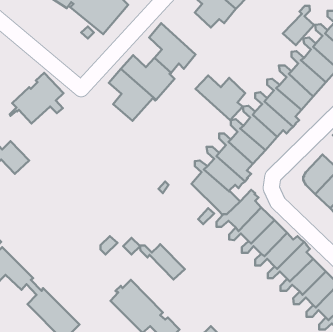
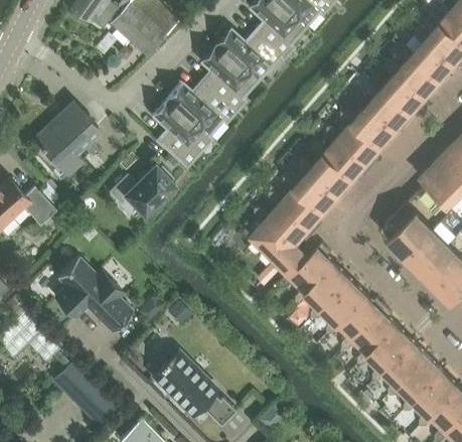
building: [283,6,314,45] -> none
building: [196,75,245,120] -> [214,28,274,82]
building: none -> [110,164,175,214]
building: none -> [54,257,133,333]
building: [140,244,185,280] -> none

